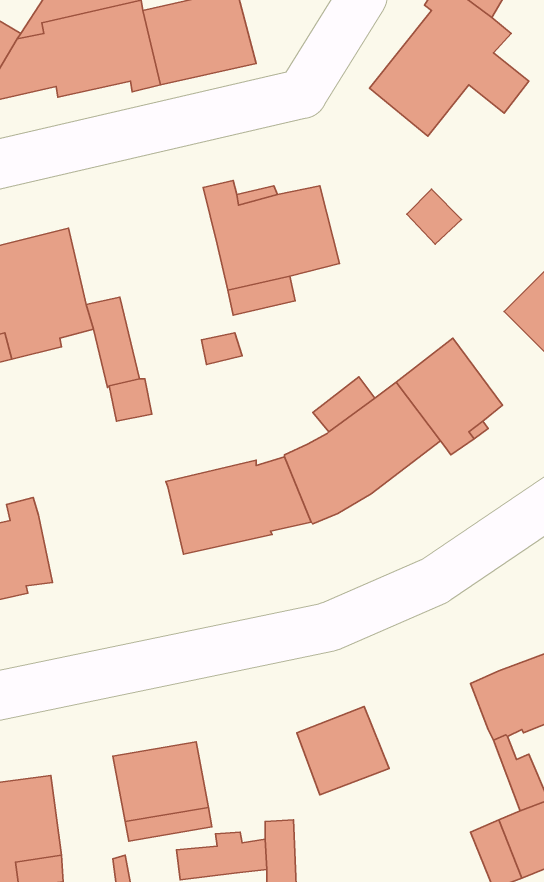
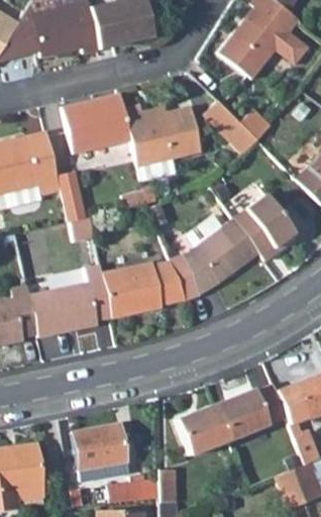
building: none -> [63,94,132,153]
building: none -> [203,100,256,153]
building: none -> [30,265,113,337]
building: none -> [216,383,287,439]

